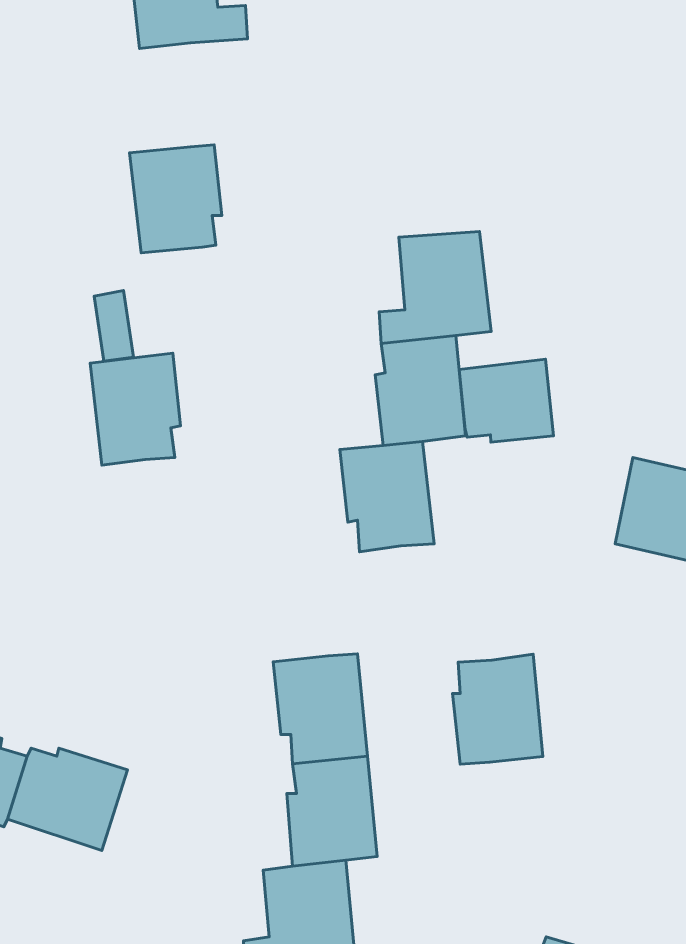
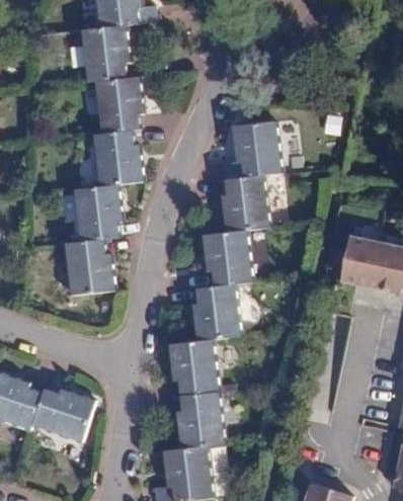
building: none -> [82,24,129,81]
building: none -> [94,130,141,186]
building: [459,359,554,442] -> none
building: none -> [66,239,112,295]
building: [452,654,543,764] -> [192,283,239,340]

